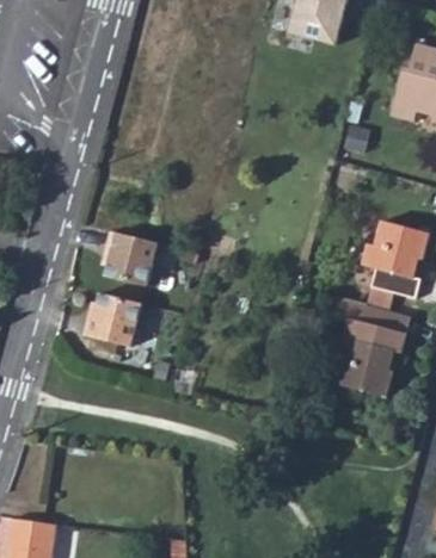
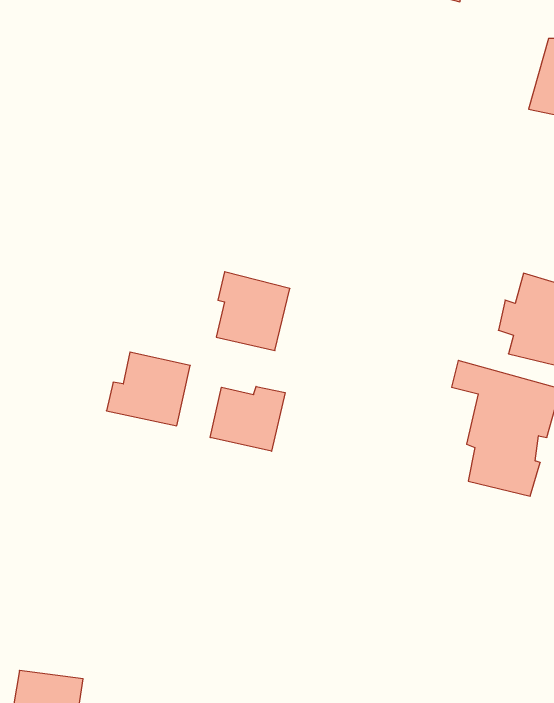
building: [102,229,154,285] -> [216,272,290,351]
building: none -> [210,386,285,451]

